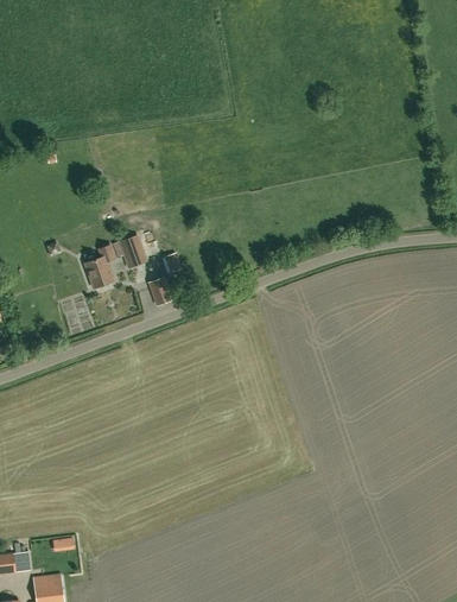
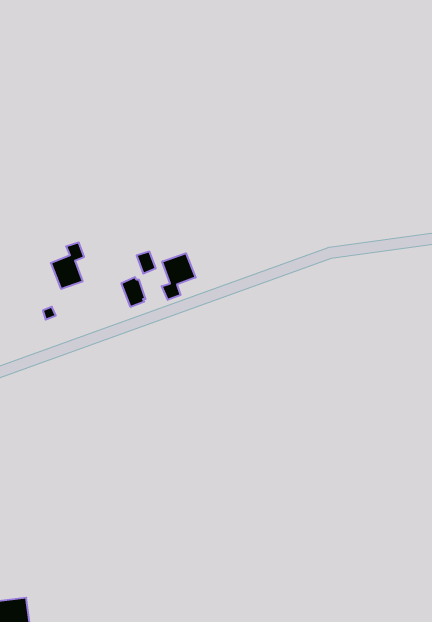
building: [112,236,145,268] -> none
building: none -> [162,253,196,300]

